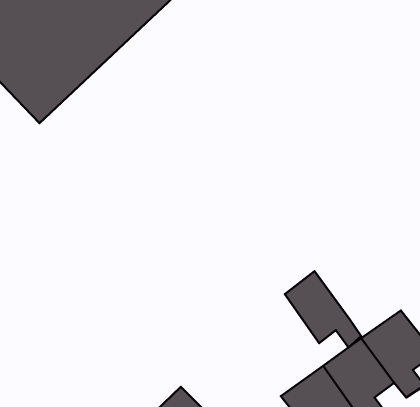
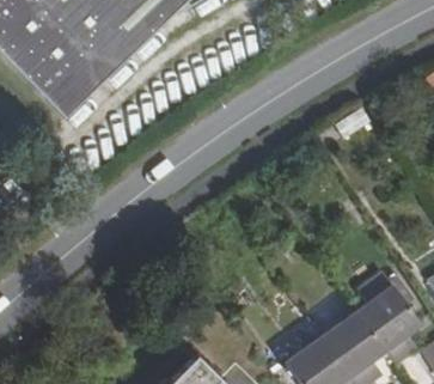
building: [285,271,361,347] -> none

